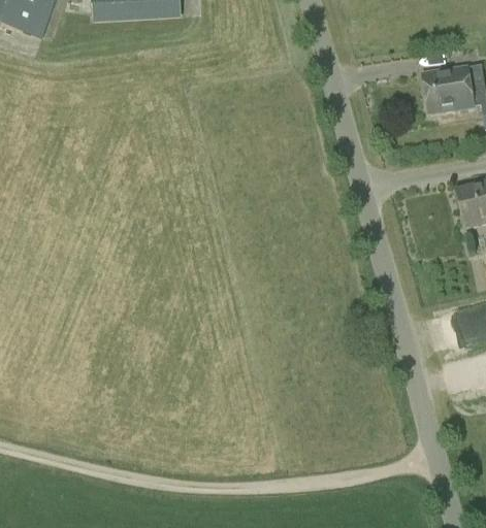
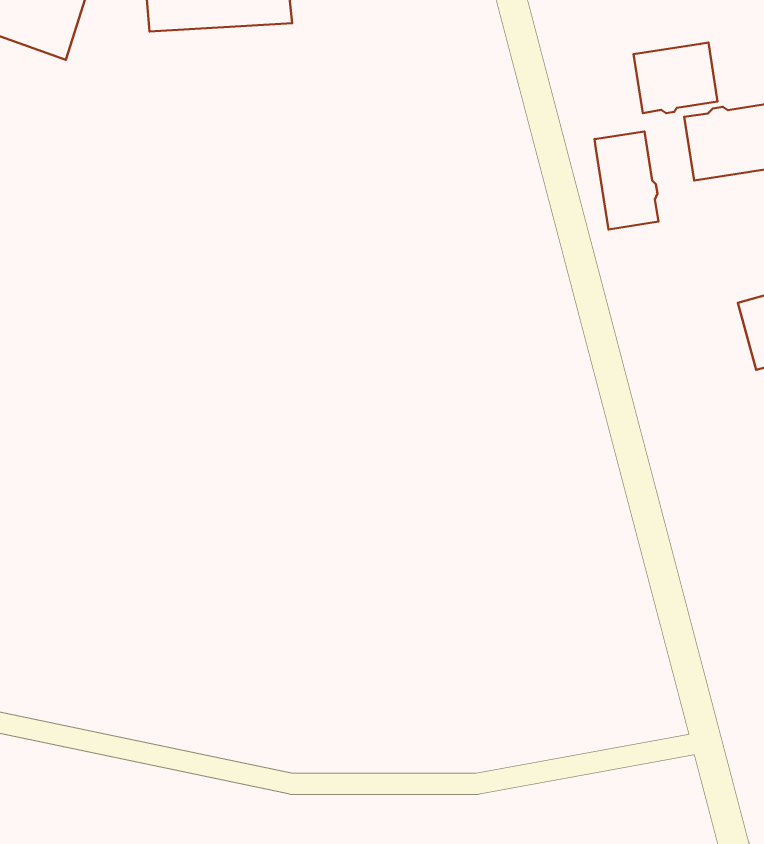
building: none -> [634,43,718,113]
building: none -> [594,131,659,229]

